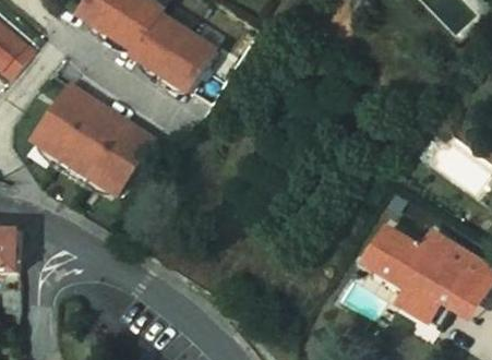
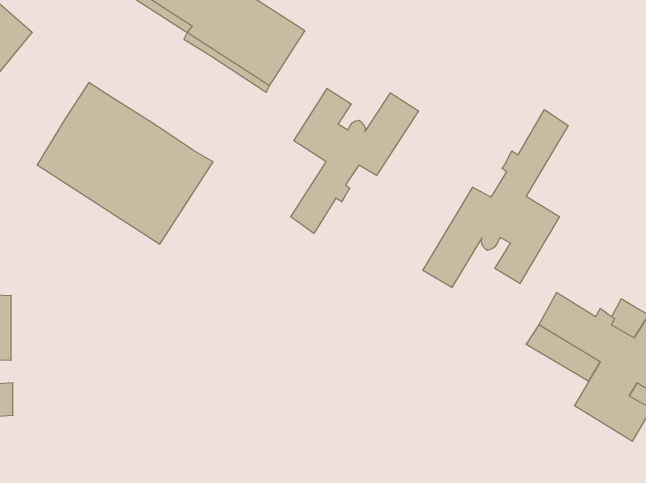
building: none -> [291,88,418,233]
building: none -> [423,110,568,287]

